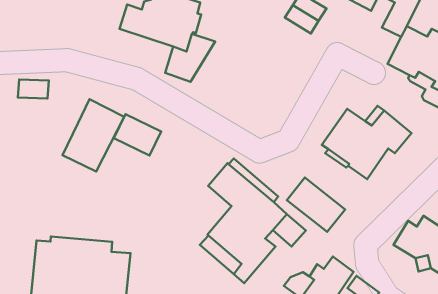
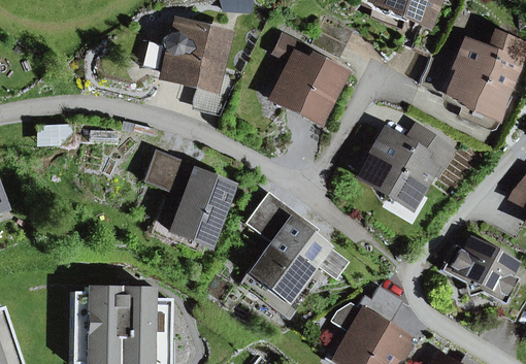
building: none -> [275,34,342,118]
building: [62,99,124,172] -> [170,169,231,243]
building: [287,178,345,232] -> none

